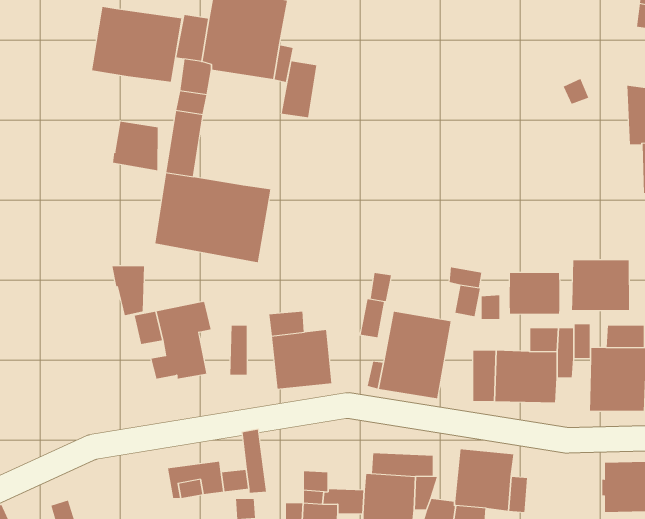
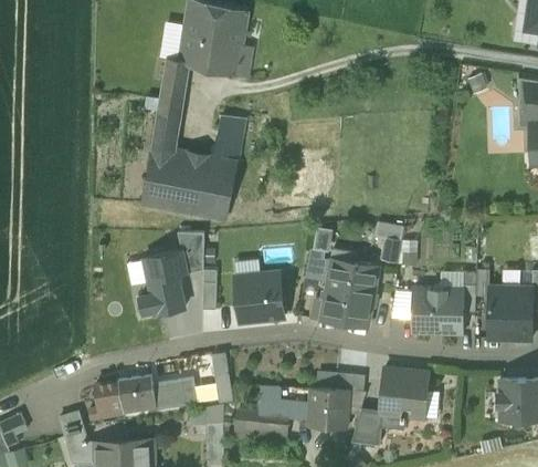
building: [91,6,182,82] -> none
building: [281,61,317,118] -> [213,116,242,162]
building: [112,121,158,171] -> none
building: [572,260,629,311] -> none
building: [112,266,145,316] -> [178,234,204,273]
building: [509,272,560,314] -> none
building: none -> [98,375,157,417]

